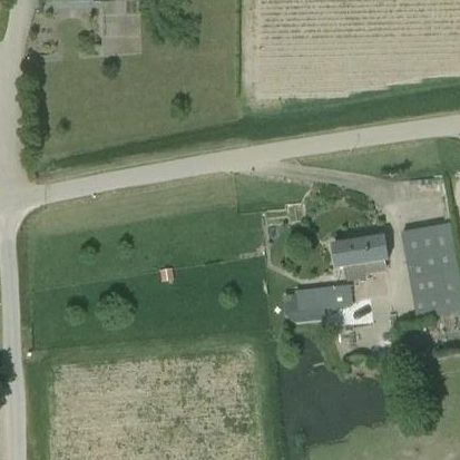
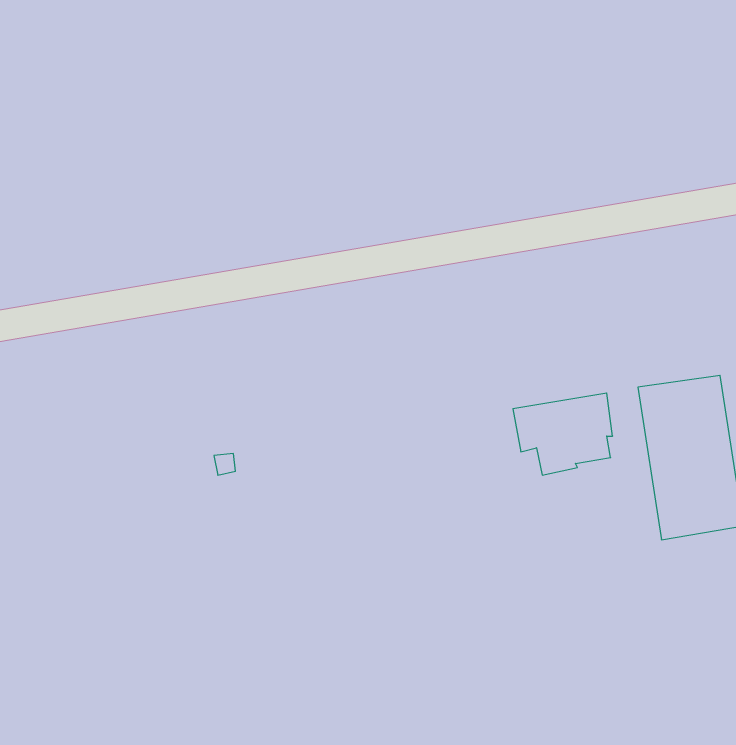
building: [294,283,351,311] -> none

